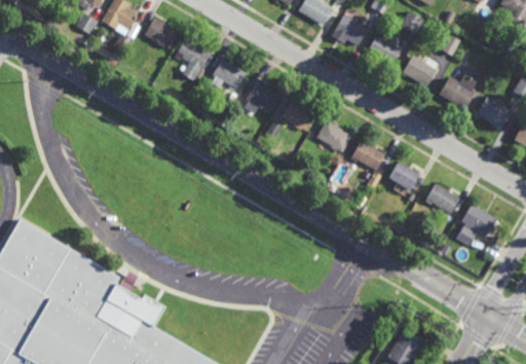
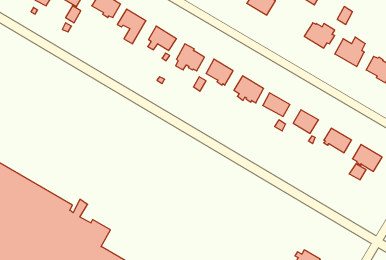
building: [367,33,401,64] -> none

